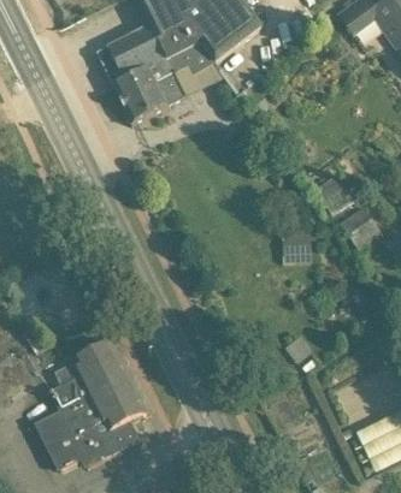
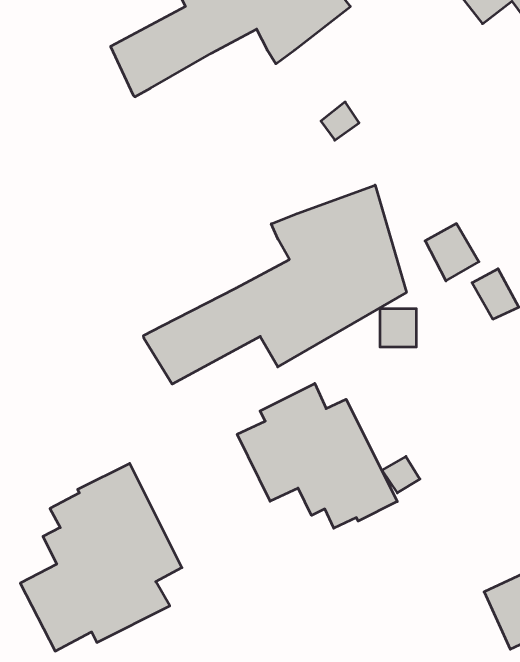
building: [114,37,212,123] -> none
building: none -> [144,185,406,384]
building: none -> [237,383,397,528]

